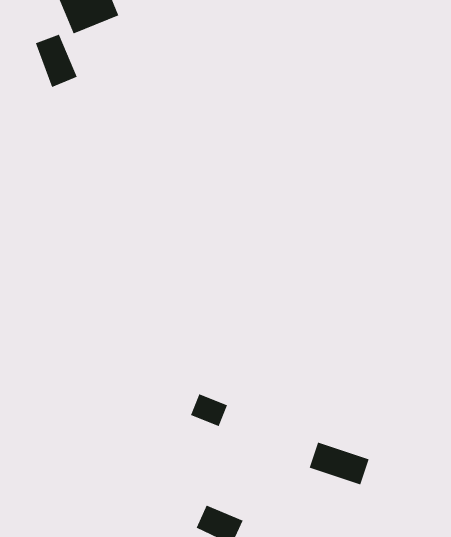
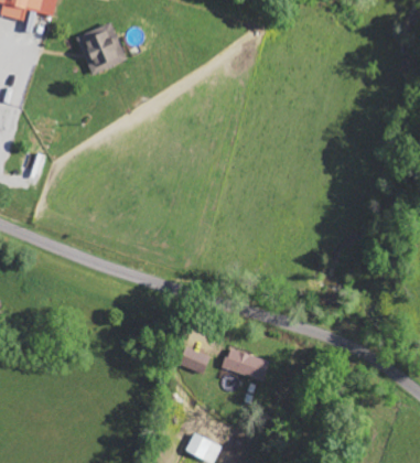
building: [35,34,77,88] -> none
building: [309,442,369,485] -> [223,348,269,381]

